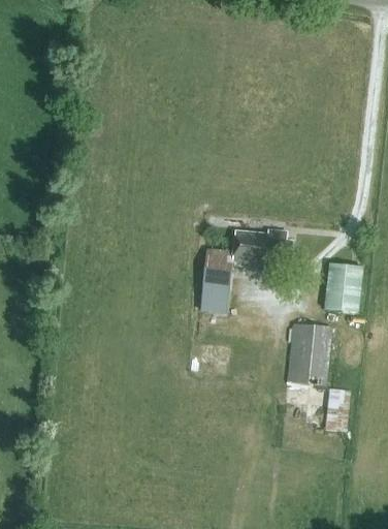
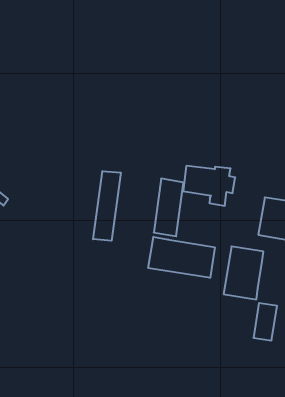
building: none -> [93,171,121,241]
building: none -> [148,237,215,278]

